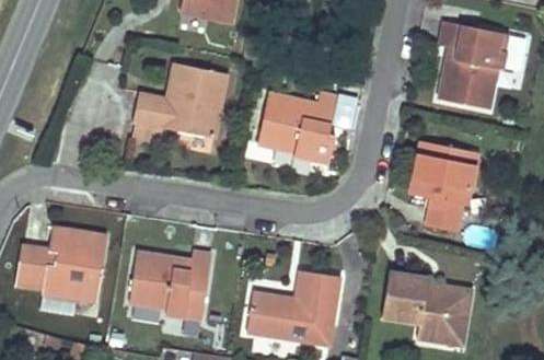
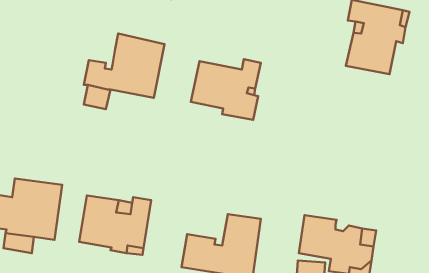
building: [407,142,479,232] -> none

